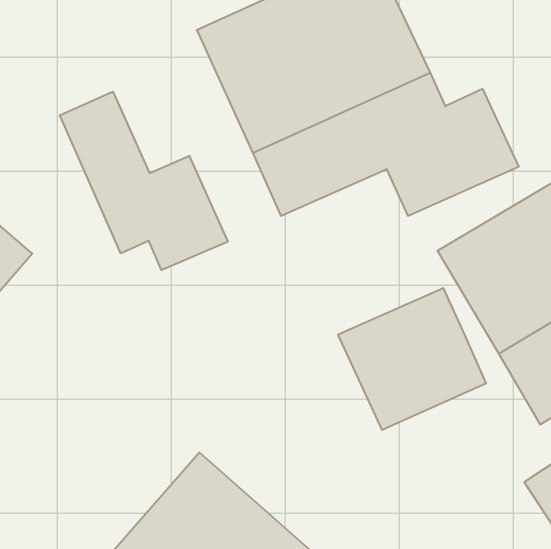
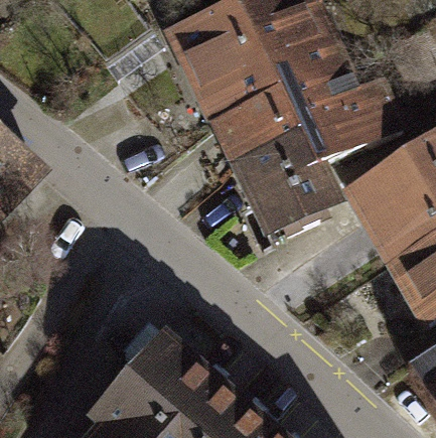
building: [60,92,228,270] -> none
building: [338,288,486,430] -> [228,128,339,235]

